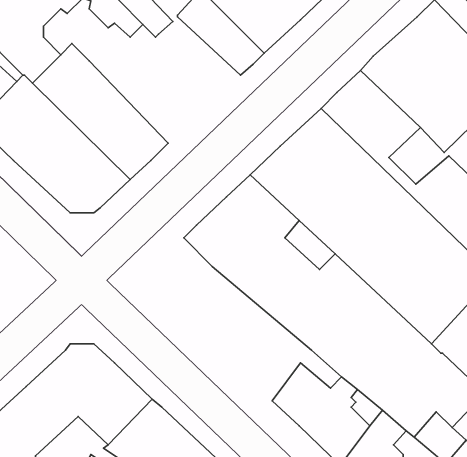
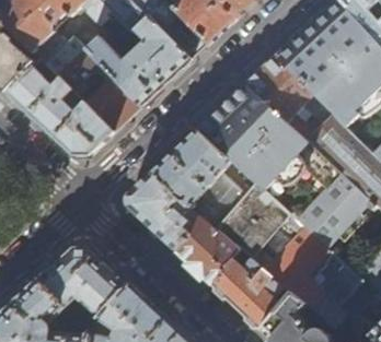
building: none -> [88,19,193,106]
building: none -> [131,172,242,284]

